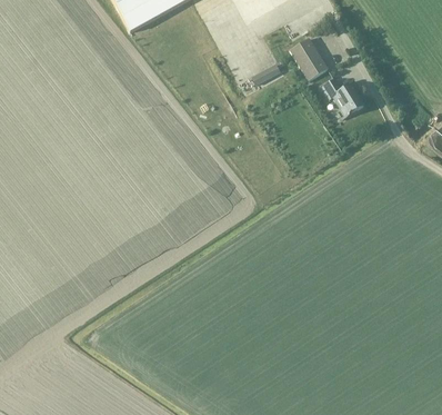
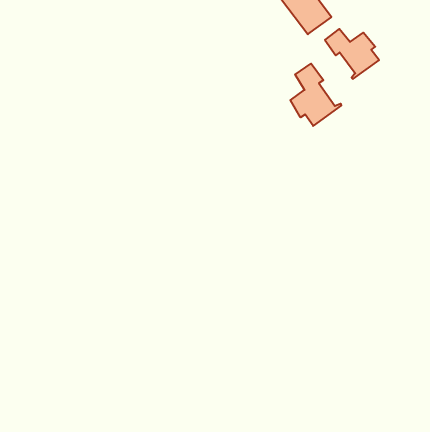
building: none -> [290,64,341,126]

